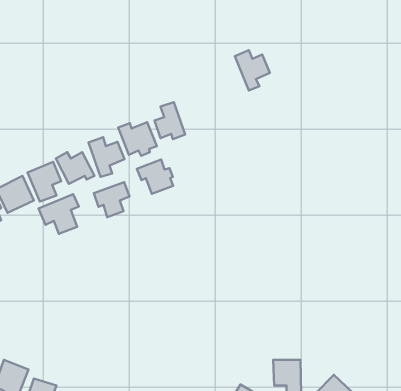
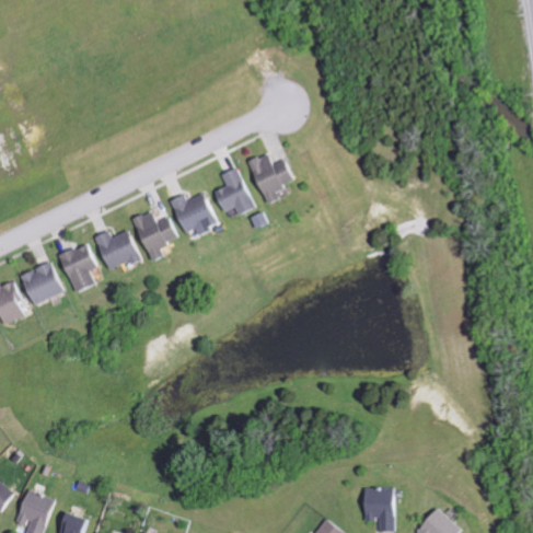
building: [235,50,270,91] -> [248,154,292,205]
building: [137,159,173,194] -> none
building: [94,182,130,217] -> none
building: [39,194,79,234] -> none

